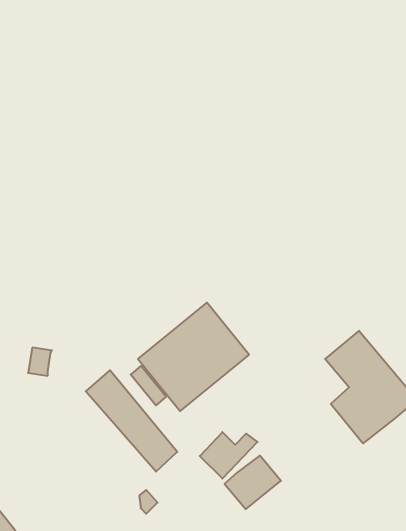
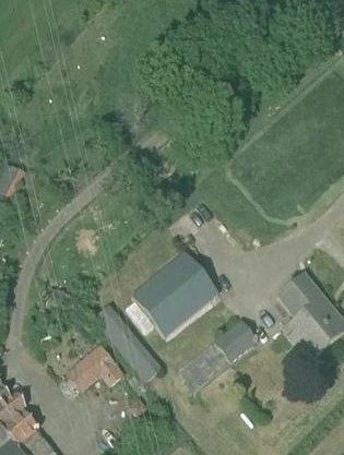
building: none -> [75,345,126,386]
building: [225,456,281,509] -> [214,320,258,361]

